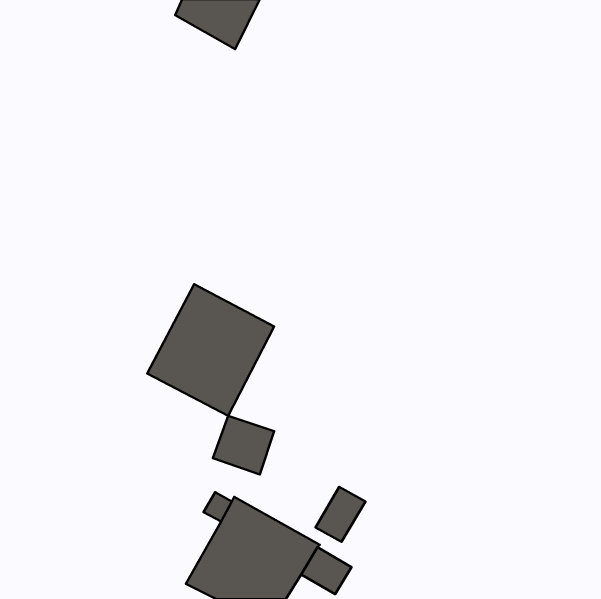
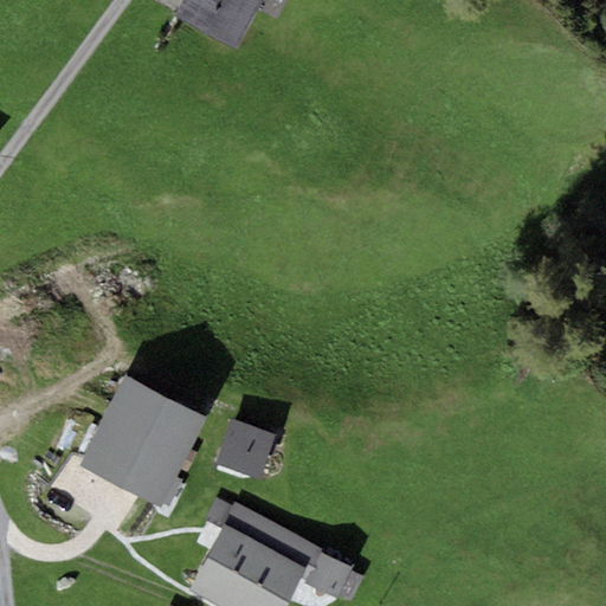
building: [147,284,274,416] -> [79,375,207,508]
building: [315,487,365,542] -> none

